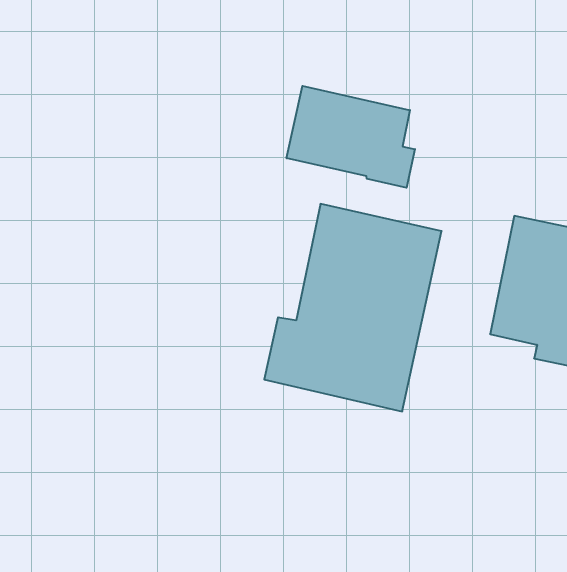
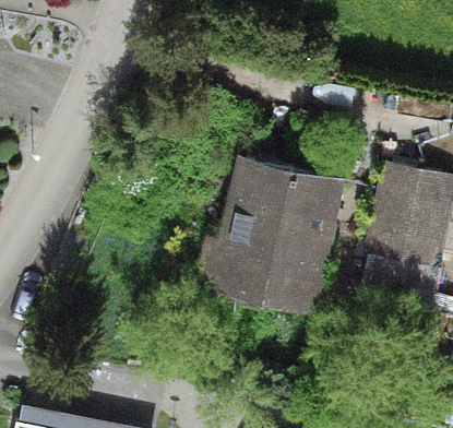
building: [287,86,415,188] -> none

